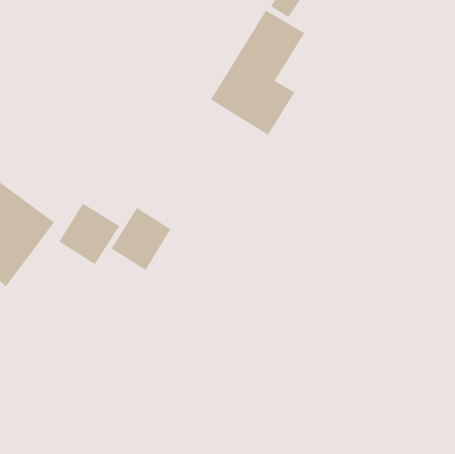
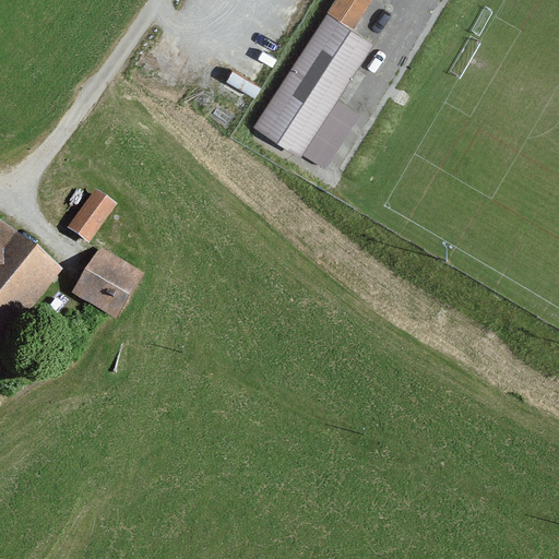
building: none -> [64,187,117,245]
building: [111,207,171,271] -> none

